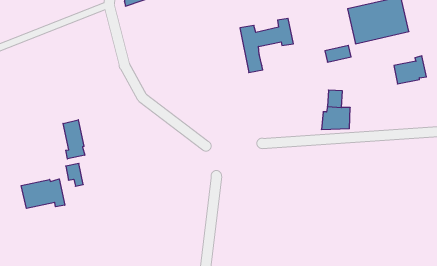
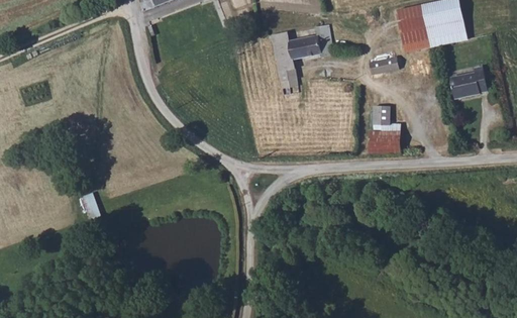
building: [63,120,85,159] -> none
building: [21,179,65,208] -> none

